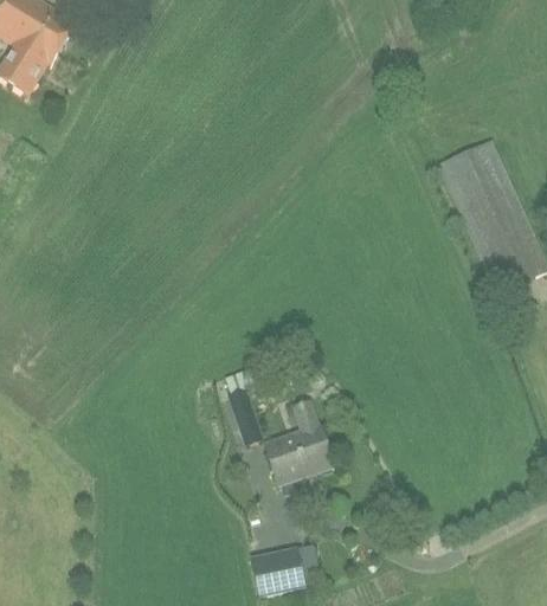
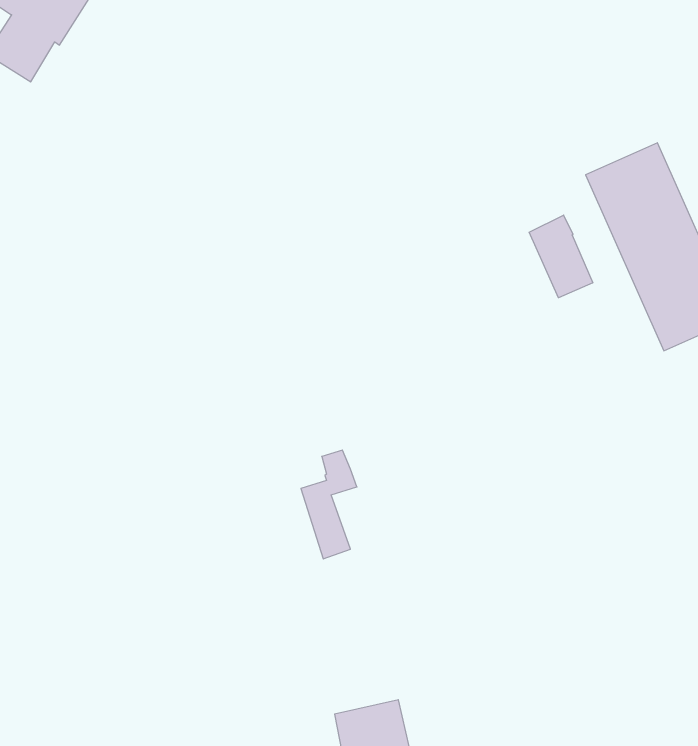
building: none -> [529,215,593,298]
building: [263,399,333,484] -> none

